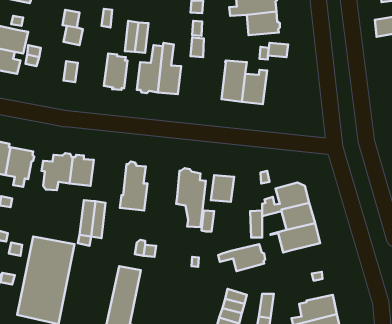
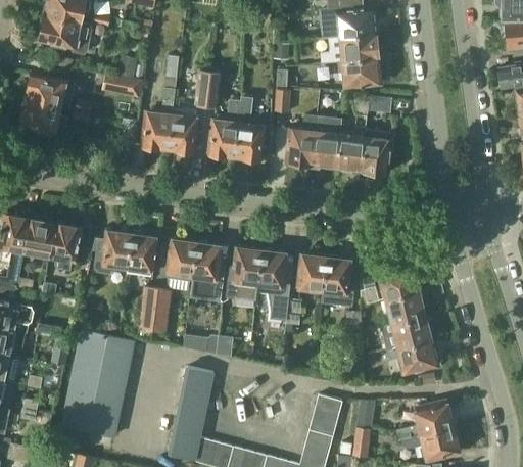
building: none -> [144,88,176,148]
building: none -> [285,119,317,167]
building: none -> [362,129,394,174]
building: none -> [167,238,196,281]
building: none -> [226,247,260,301]
building: none -> [323,255,350,292]
building: [218,244,265,271] -> [381,339,438,372]

